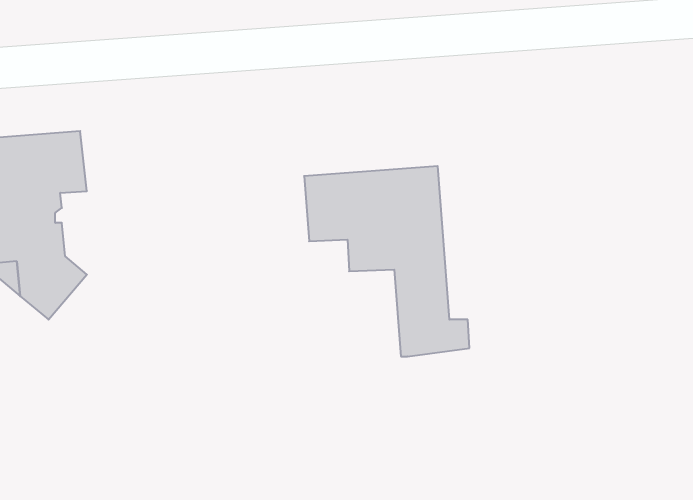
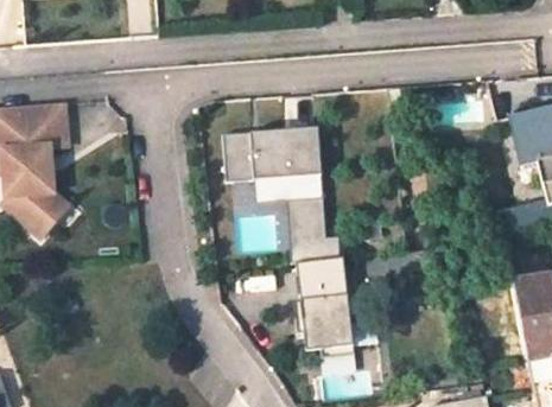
building: none -> [294,256,355,357]

